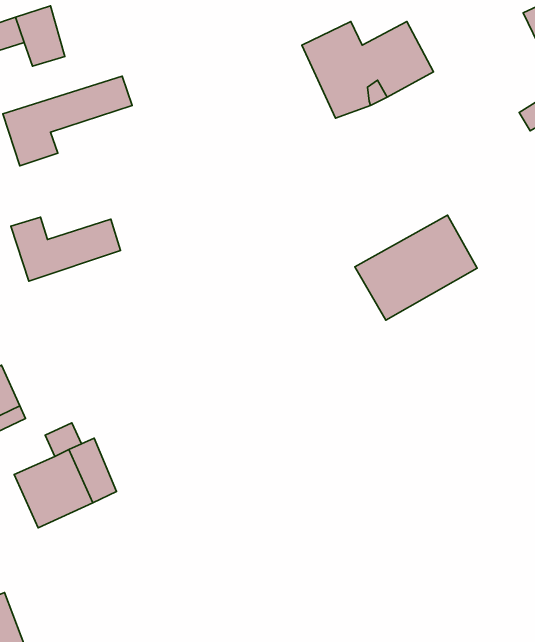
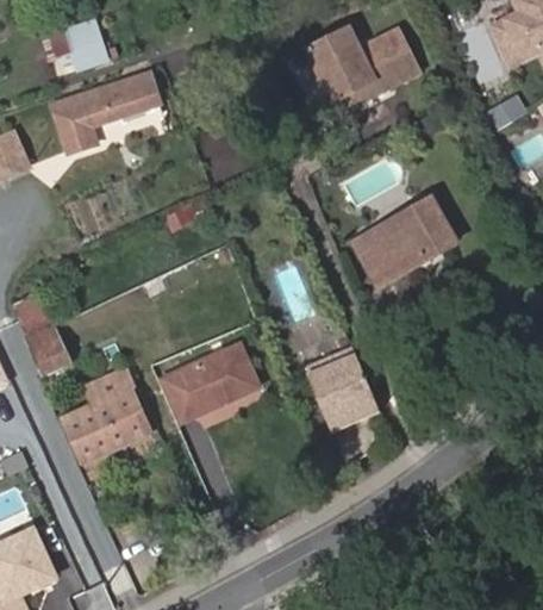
building: [11,217,121,281] -> none
building: none -> [177,343,257,413]
building: none -> [306,351,373,418]

